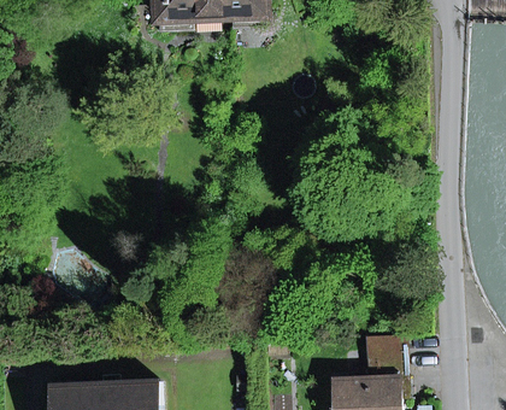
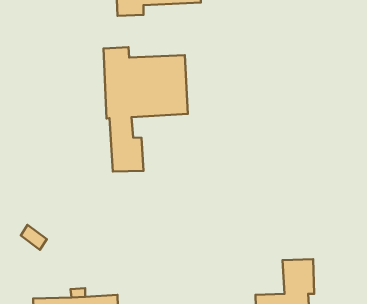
building: none -> [104,47,188,171]

